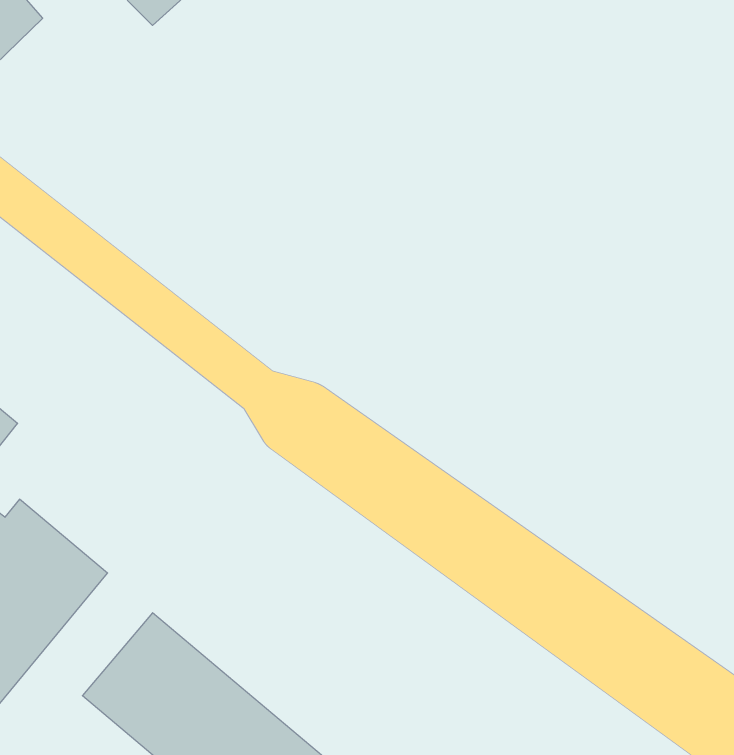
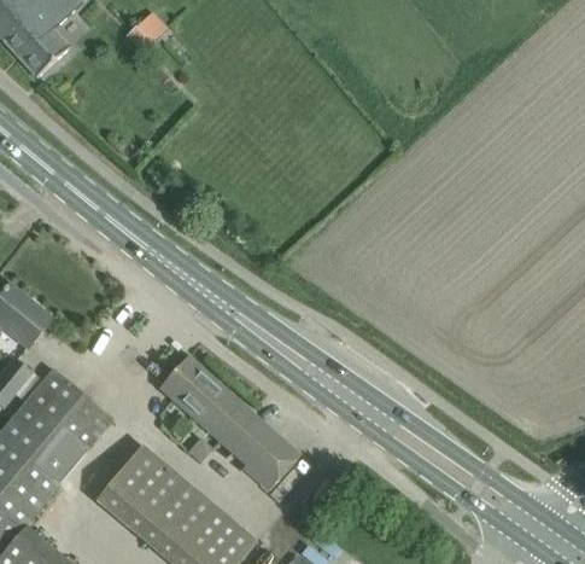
building: none -> [158,355,299,490]

